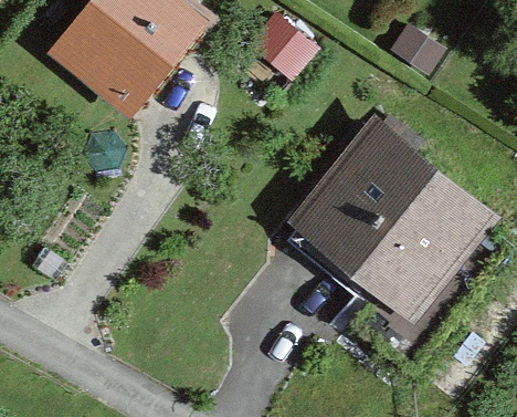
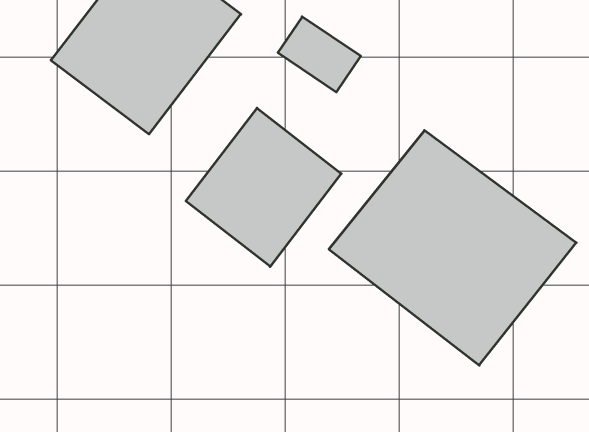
building: none -> [186,108,341,267]

